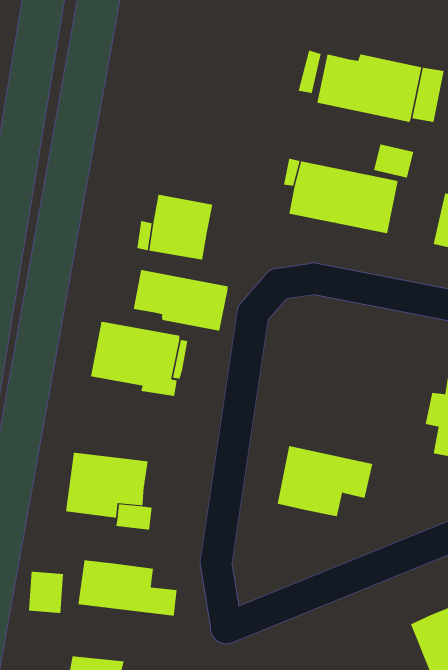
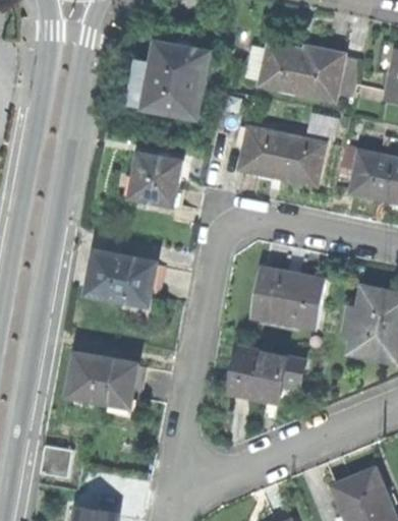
building: none -> [128,43,210,117]
building: [133,269,228,332] -> none
building: none -> [253,269,325,329]
building: [78,560,177,617] -> none

